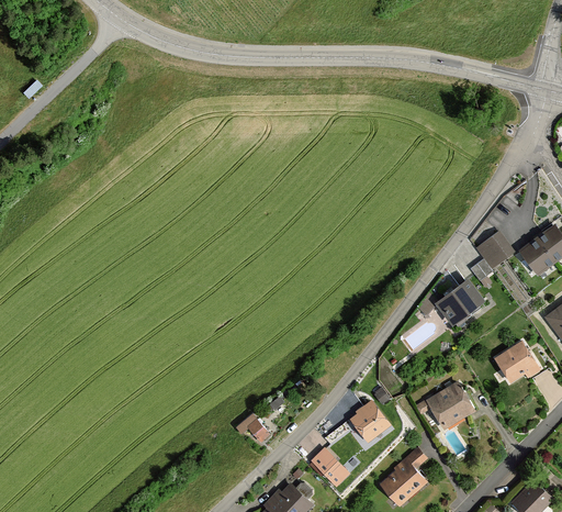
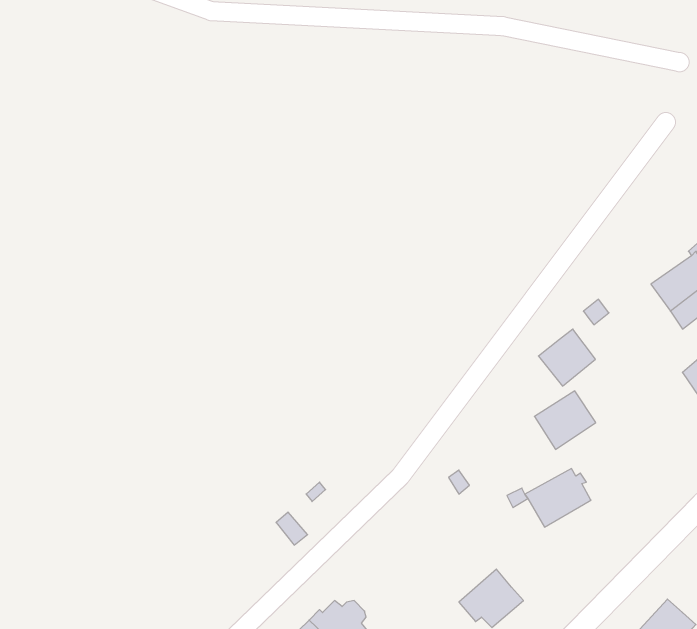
building: [476,234,513,270] -> none
building: [493,340,538,382] -> [534,391,596,449]
building: [350,399,389,442] -> none
building: [310,447,349,487] -> none

